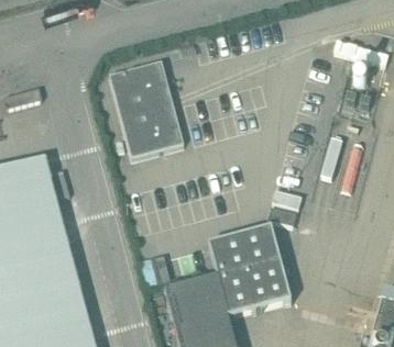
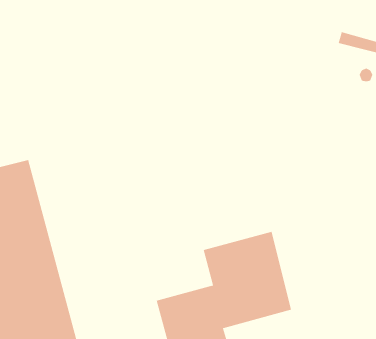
building: [110,65,183,159] -> none

